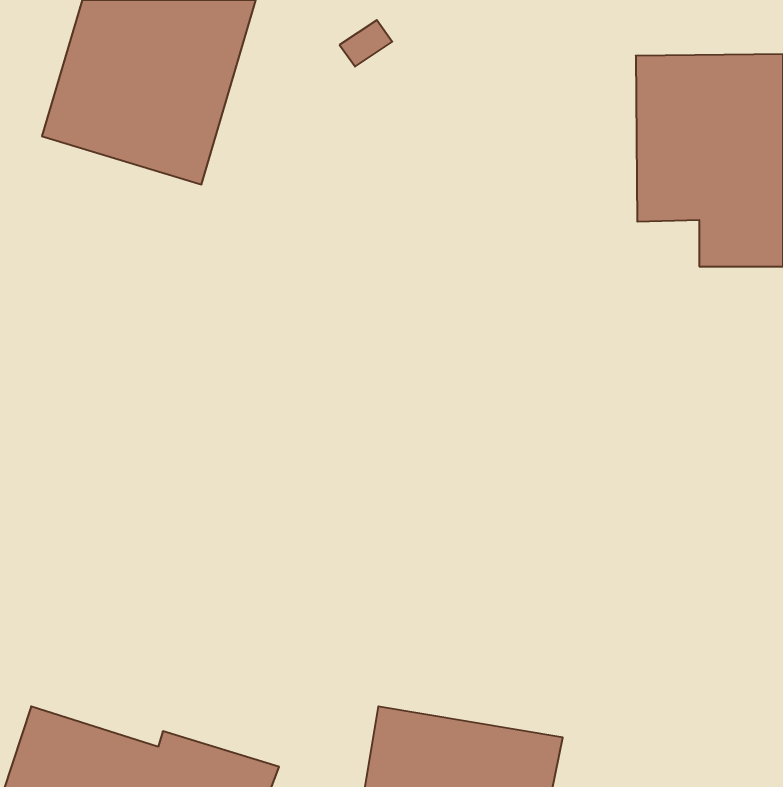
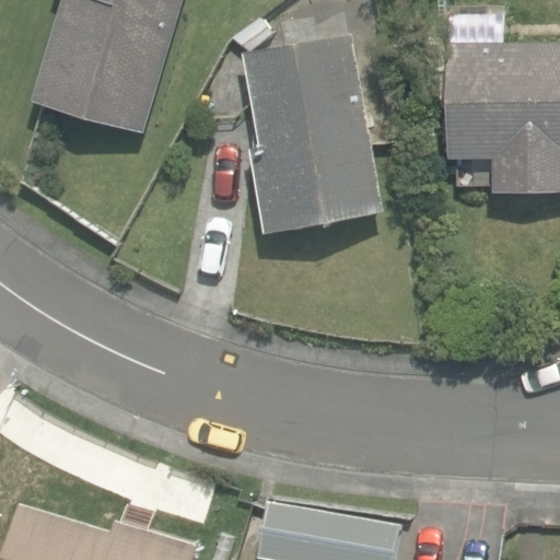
building: none -> [243,34,382,233]

